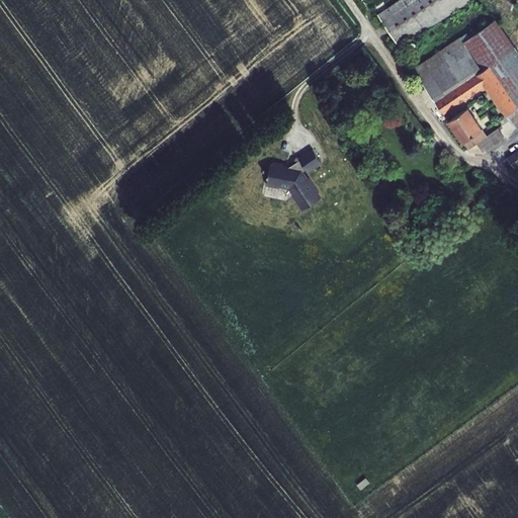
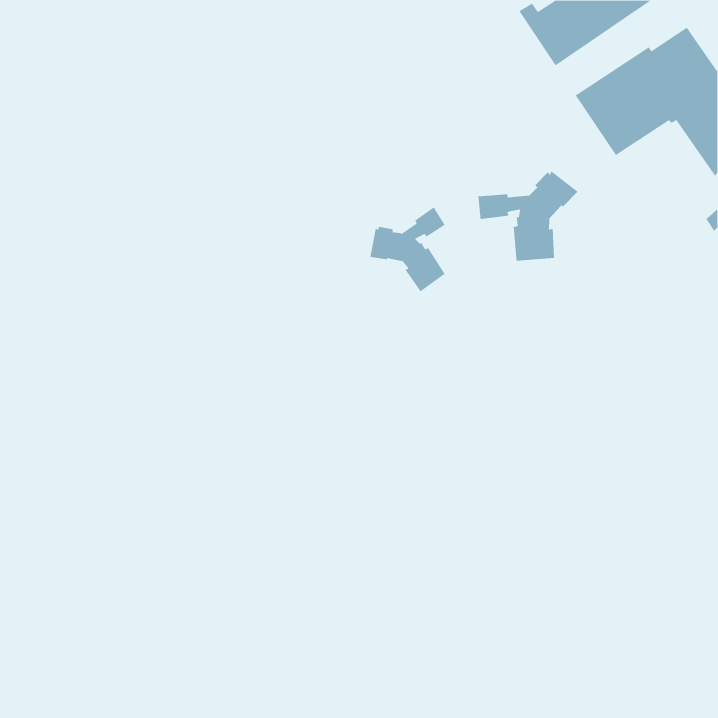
building: [448,107,504,151] -> none
building: none -> [478,171,579,262]

